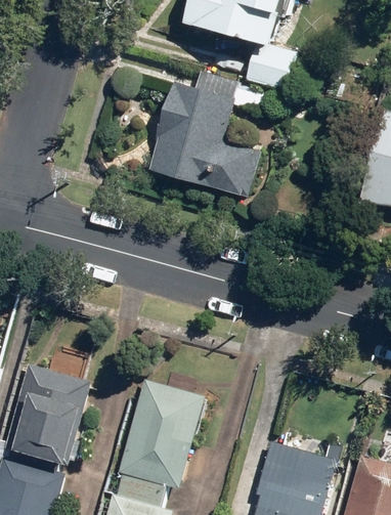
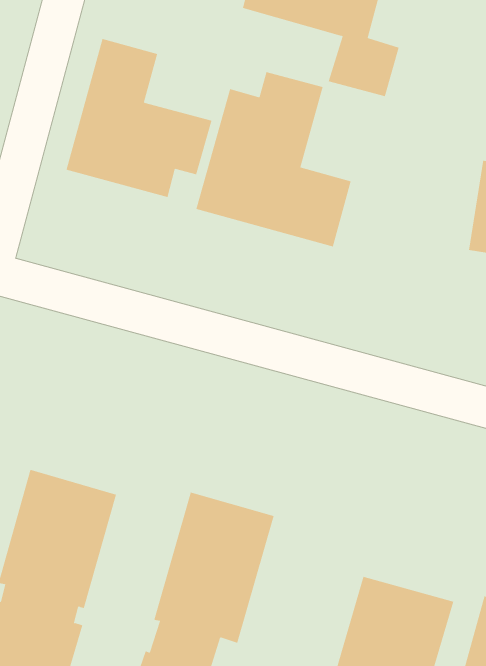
building: none -> [66,38,212,198]

